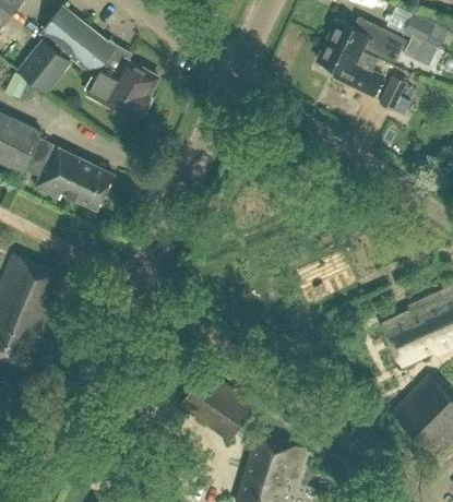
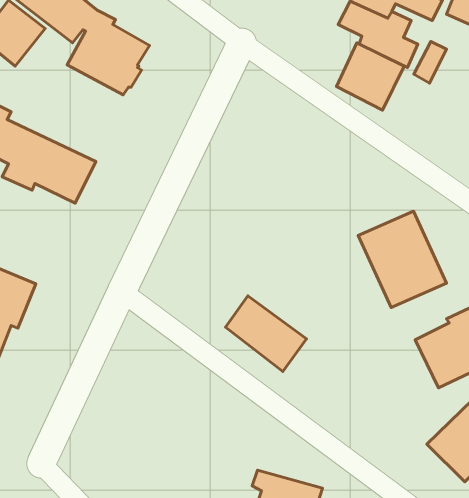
building: none -> [336,43,404,110]
building: none -> [358,211,446,307]
building: [180,379,248,442] -> [226,296,306,371]

